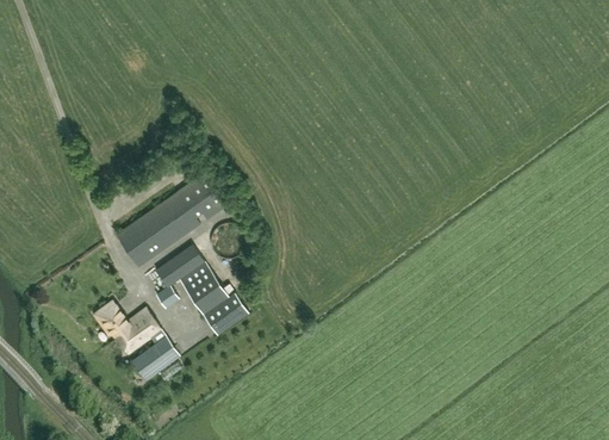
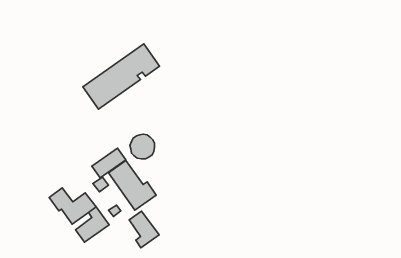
building: [116,173,226,267] -> [83,44,160,109]
building: none -> [129,211,159,248]

